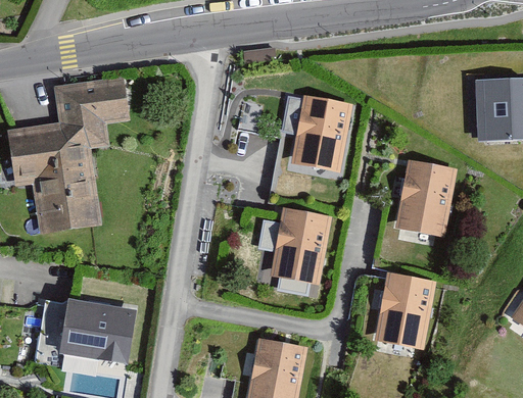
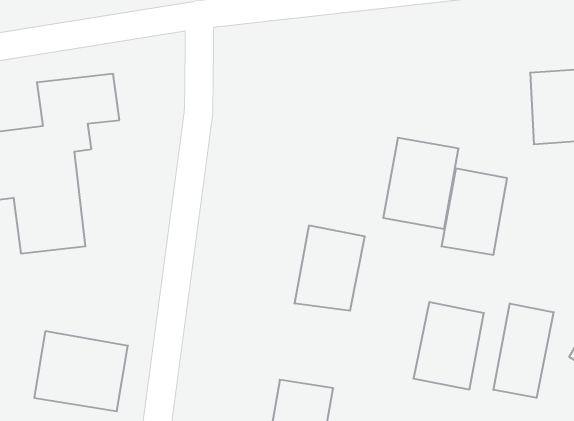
building: [287,94,350,170] -> [383,138,459,229]
building: none -> [493,303,554,398]

